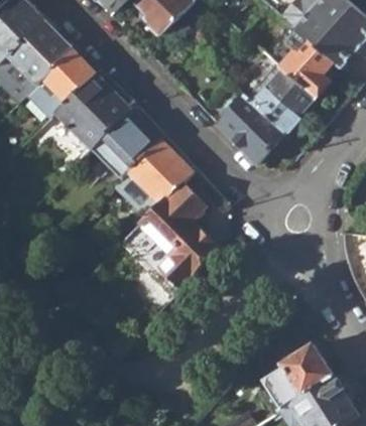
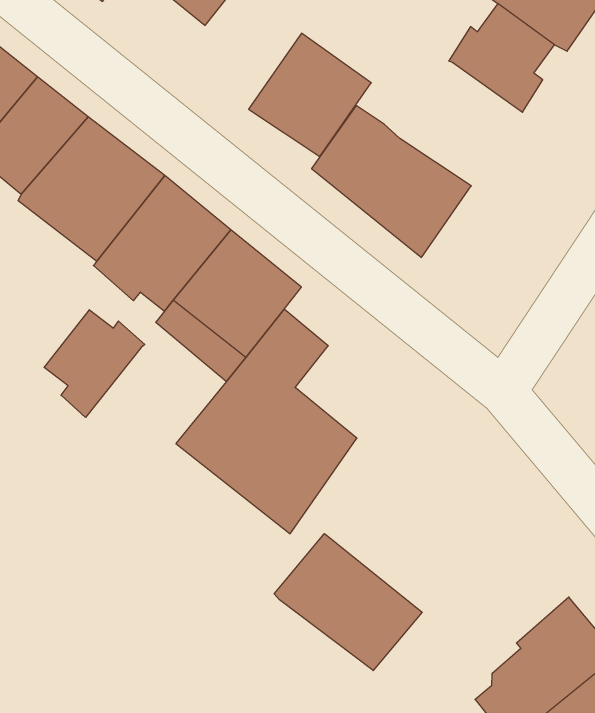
building: [252,66,316,130] -> [249,33,371,157]
building: none -> [44,310,145,417]
building: none -> [274,534,422,671]

